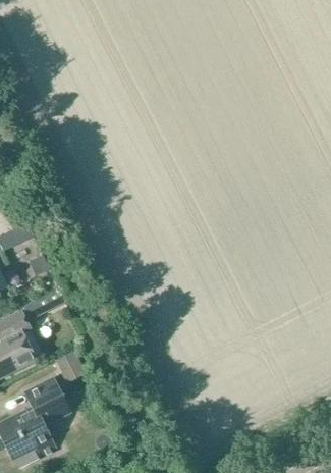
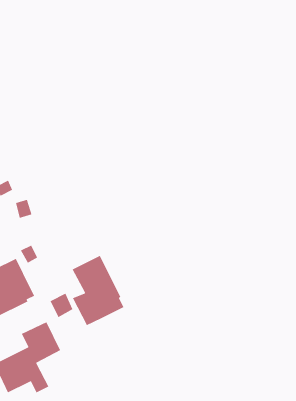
building: none -> [72,255,124,326]

